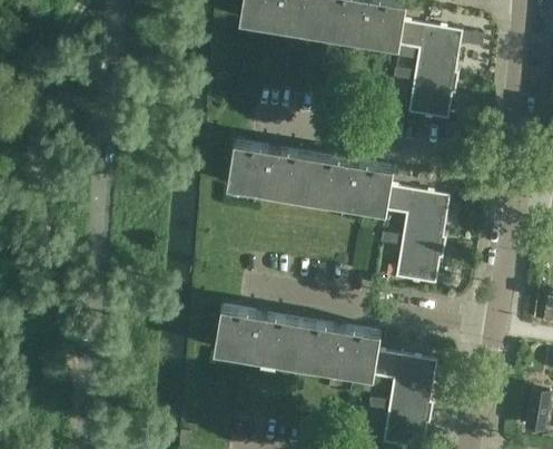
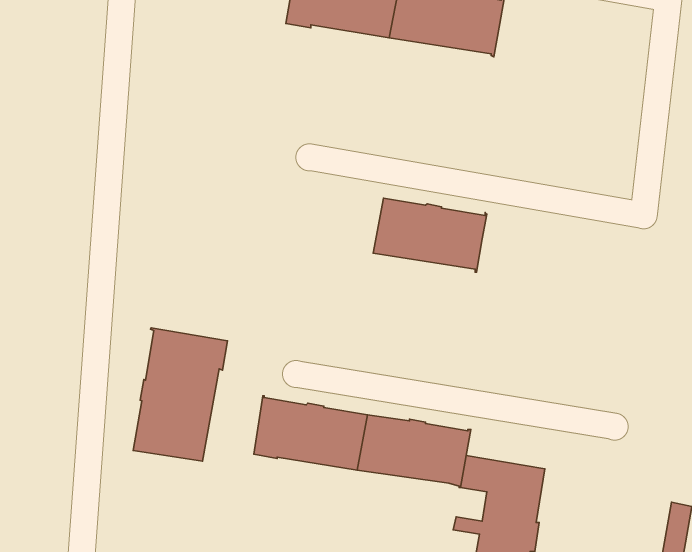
building: [392,25,462,124] -> none
building: [225,144,313,201] -> none
building: [378,189,448,289] -> none
building: none -> [133,328,227,461]

